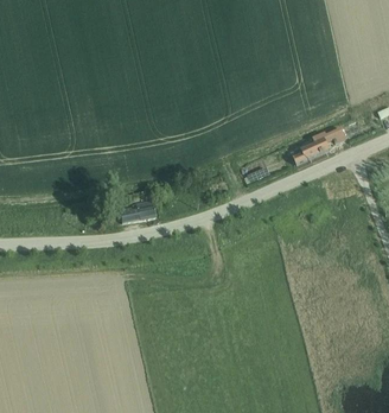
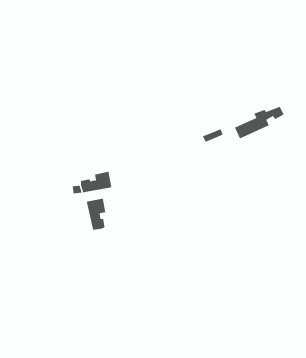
building: none -> [86,198,106,231]

